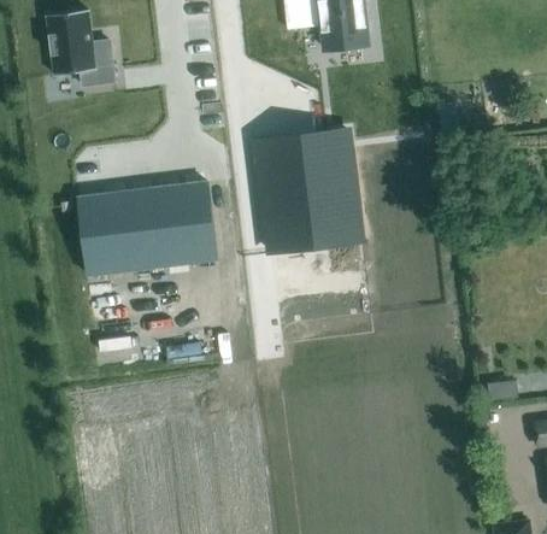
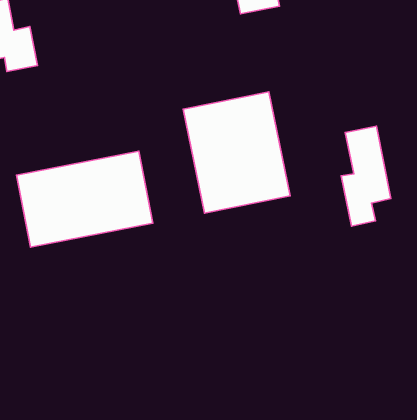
building: none -> [341,126,391,226]

